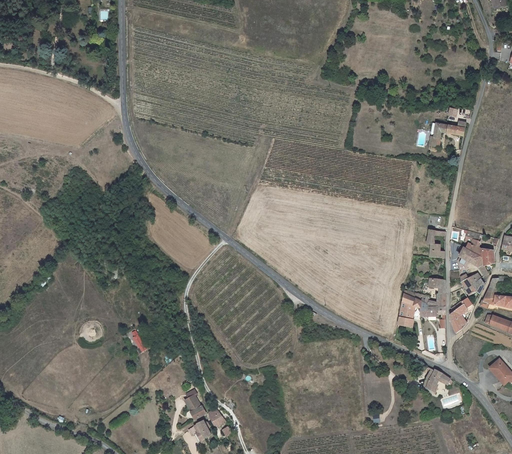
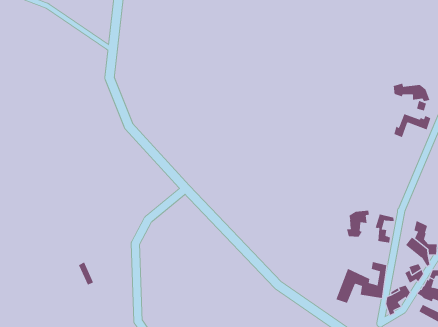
building: none -> [393,83,430,102]
building: none -> [346,210,370,237]

